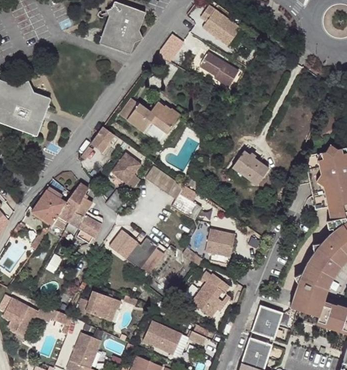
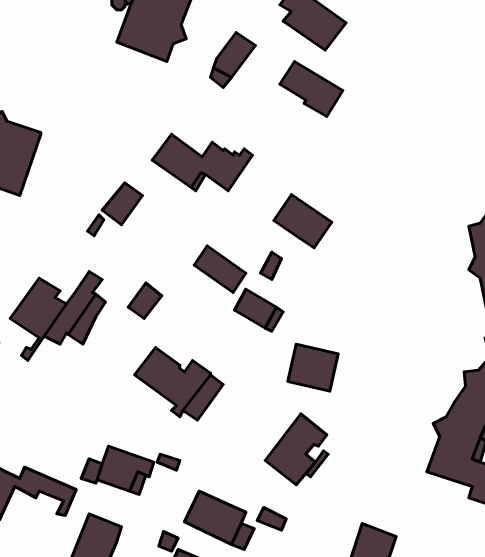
building: [232,152,268,185] -> [274,195,332,248]
building: [111,153,141,191] -> none
building: [77,211,101,243] -> none
building: [252,308,282,341] -> none

